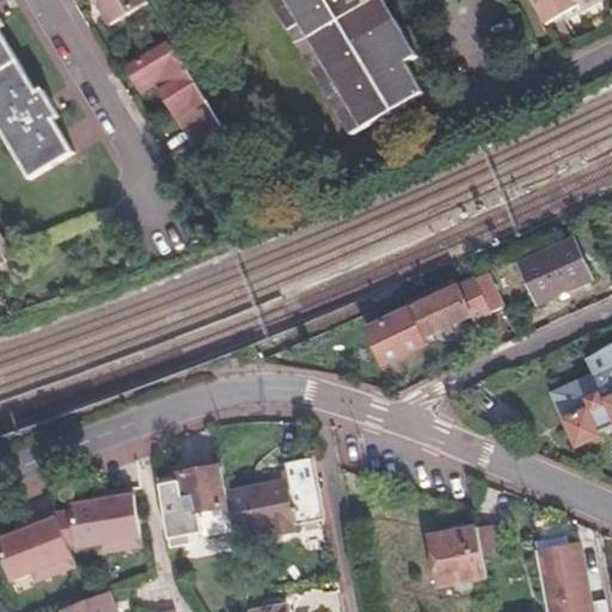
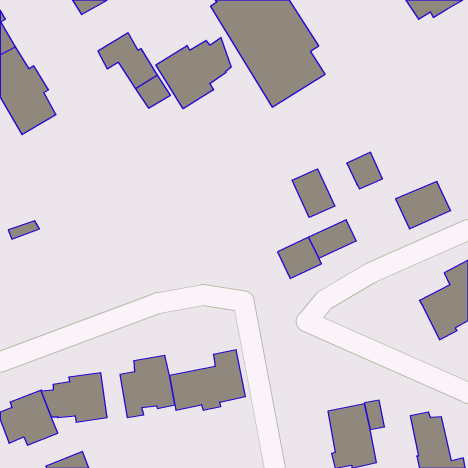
building: none -> [156,37,231,109]
building: none -> [292,169,335,217]
building: [452,273,498,320] -> [347,152,382,189]

